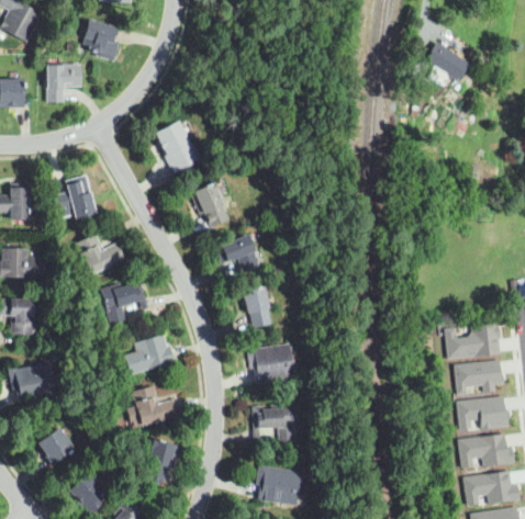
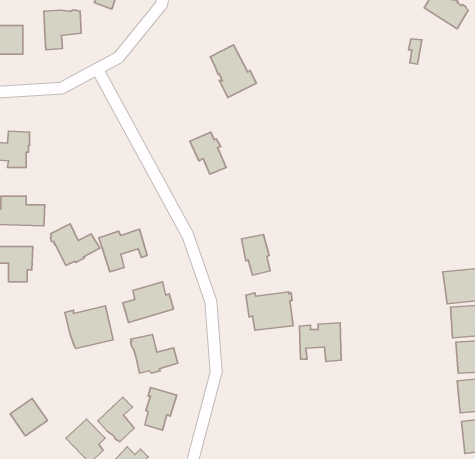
building: [155,121,201,173] -> [210,45,256,98]
building: [54,176,97,219] -> none
building: [76,234,125,275] -> [51,224,100,266]
building: [214,236,259,273] -> none
building: [8,362,56,405] -> [65,306,113,349]
building: [253,404,294,442] -> [299,323,341,361]
building: [37,428,75,465] -> [10,398,48,436]
building: none -> [98,397,134,442]
building: [256,463,303,506] -> none

